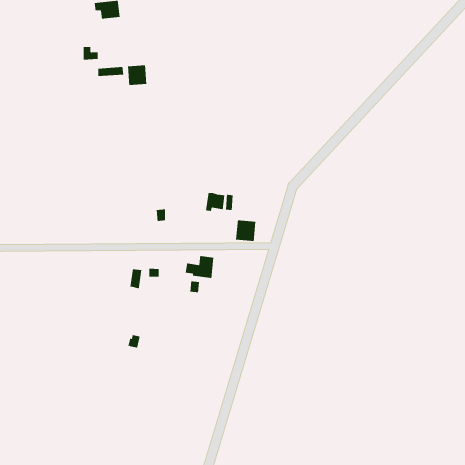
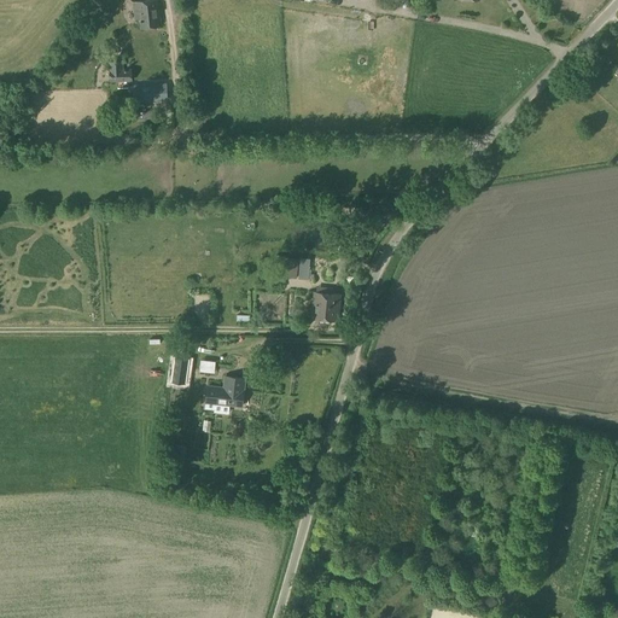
building: [127,64,147,86] -> none
building: [185,256,214,278] -> [206,375,245,406]

